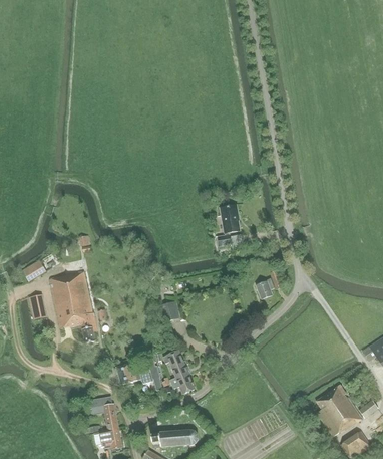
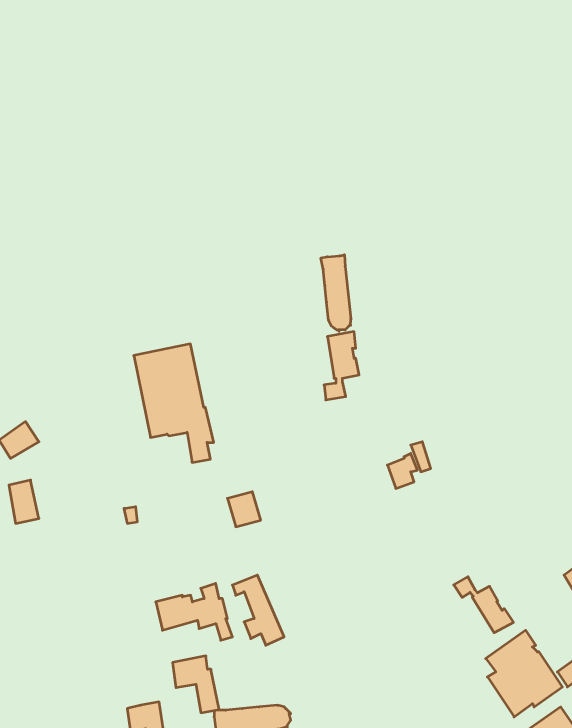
building: none -> [321,255,351,331]
building: [49,271,97,342] -> [134,344,214,462]
building: none -> [454,577,513,633]
building: [90,395,118,429] -> [173,656,219,713]

